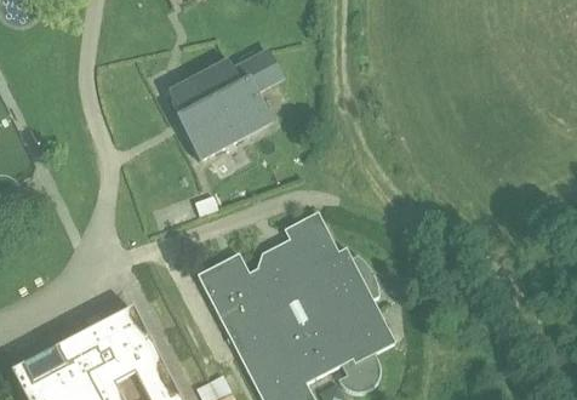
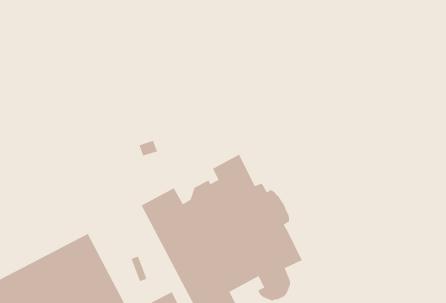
building: [167,50,281,159] -> none

